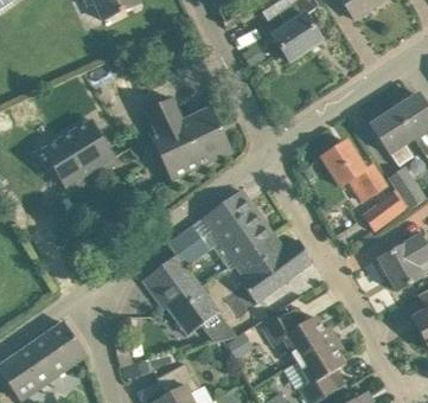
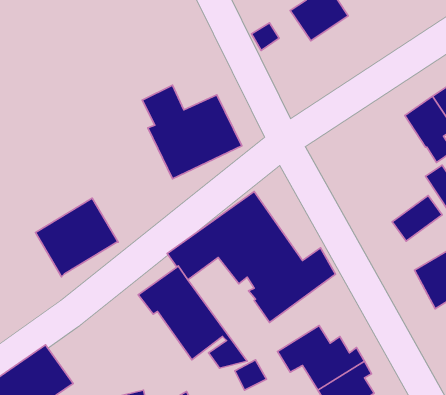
building: [41,120,113,187] -> [35,198,118,277]
building: [321,139,385,200] -> none

